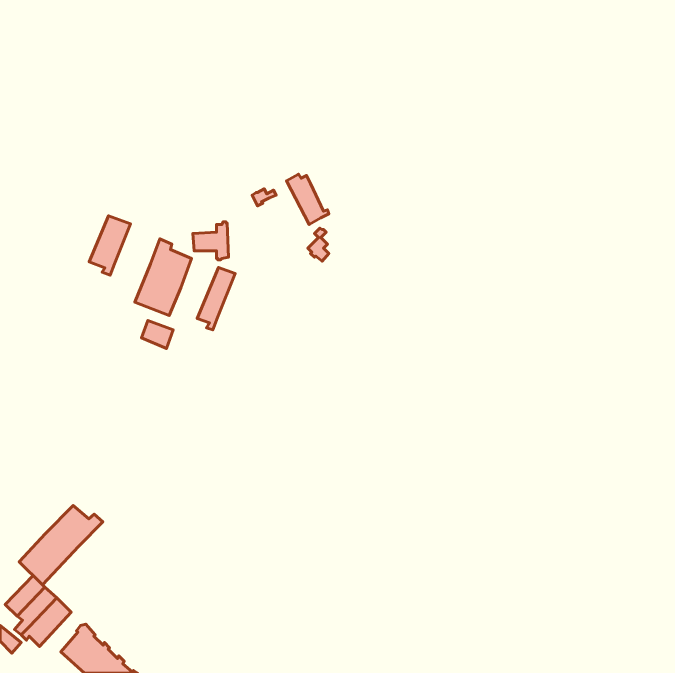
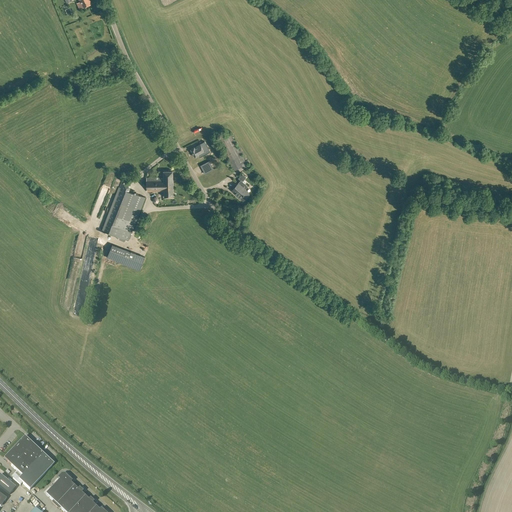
building: [89,216,130,275] -> none
building: [197,268,235,330] -> none
building: [19,505,103,585] -> none

